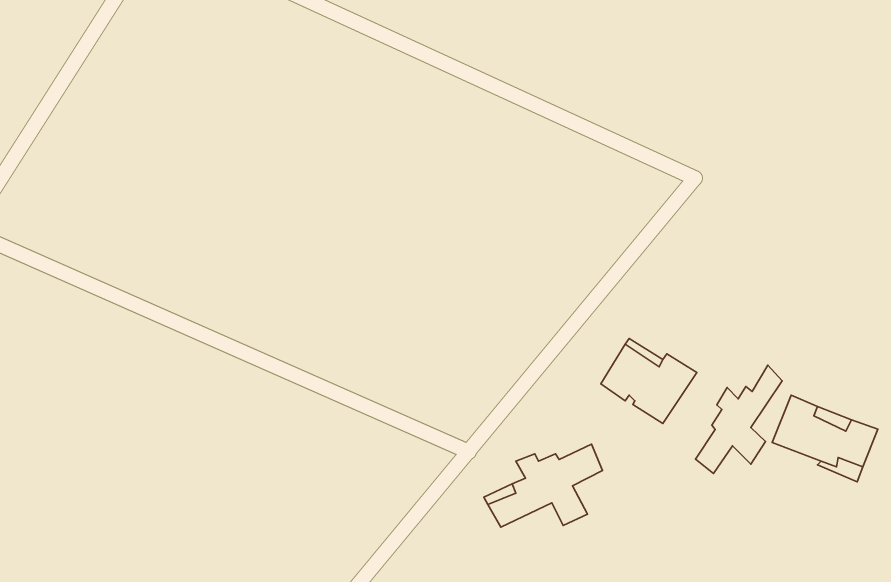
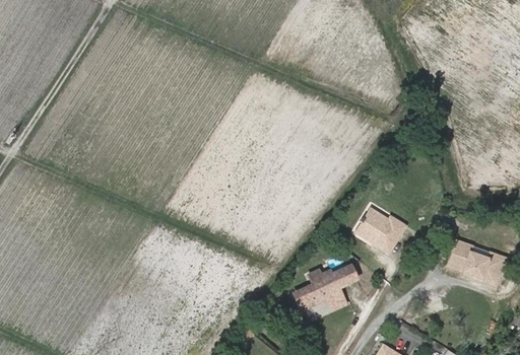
building: [696,365,782,473] -> none

